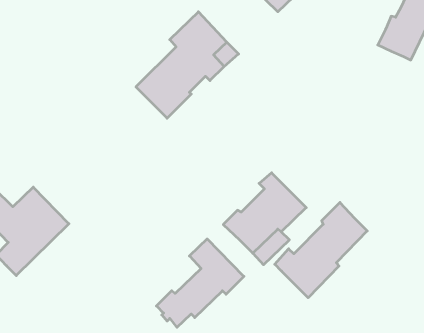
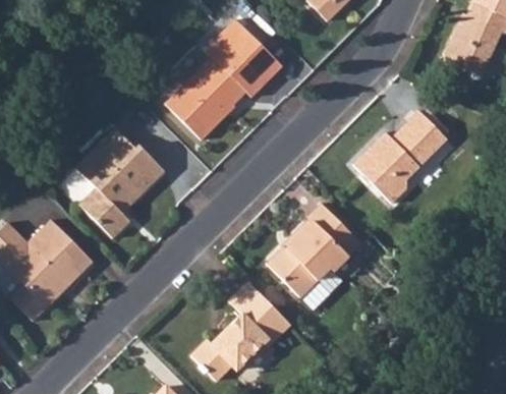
building: none -> [351,108,447,203]
building: none -> [78,130,165,236]
building: [275,202,367,298] -> none

